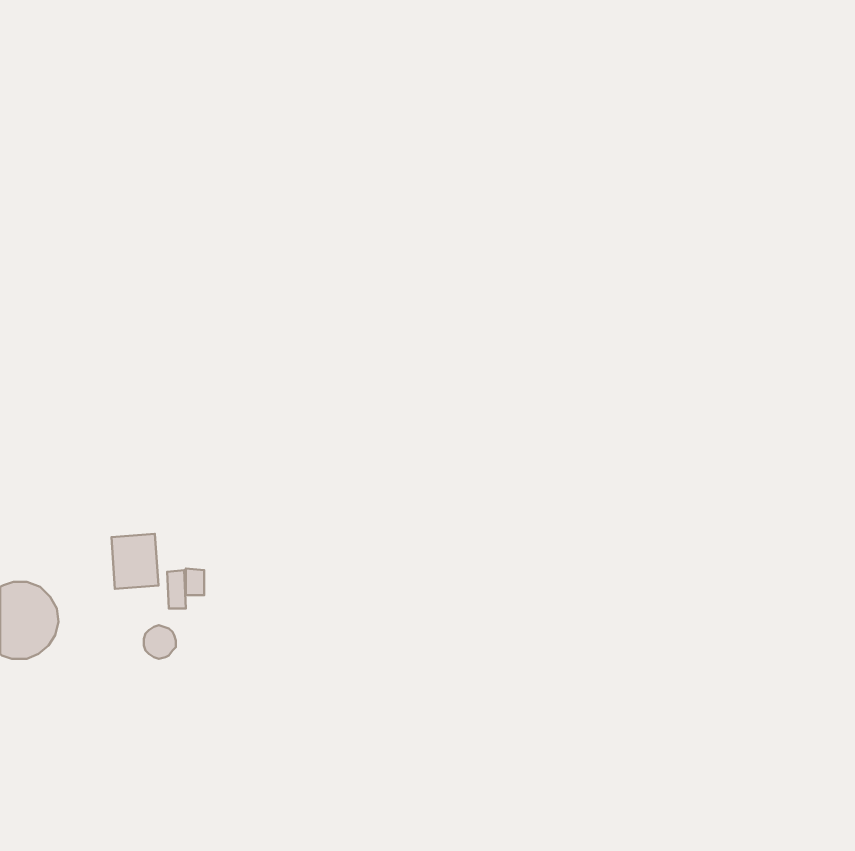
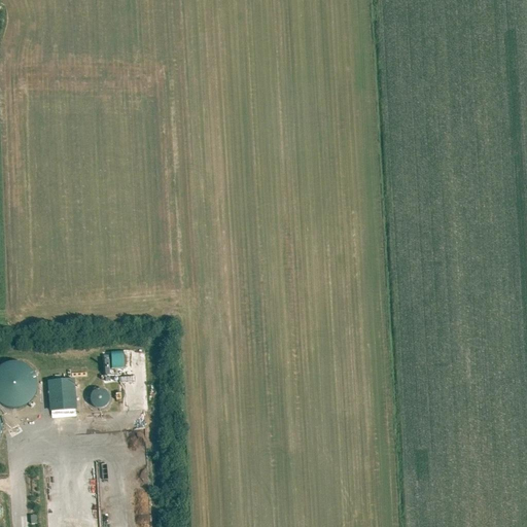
building: [111,534,158,589] -> [46,377,75,411]

